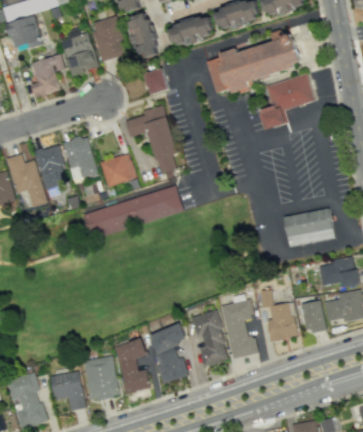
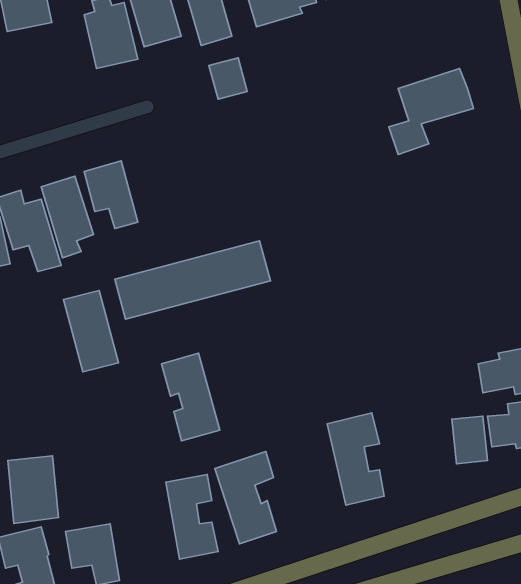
building: [207,36,302,96] -> none
building: [30,53,64,96] -> none
building: [124,104,177,173] -> none
building: [99,152,136,186] -> none
building: [286,211,338,251] -> none
building: none -> [64,290,119,372]
building: [259,289,295,340] -> none
building: [190,309,228,366] -> [161,353,220,441]
building: [84,356,117,400] -> [8,456,59,524]

